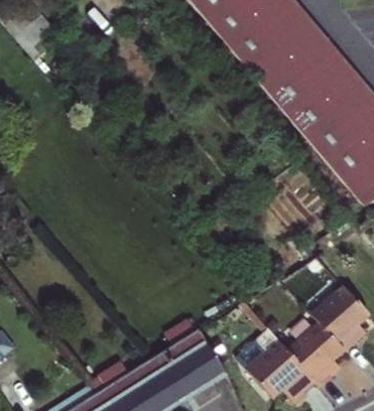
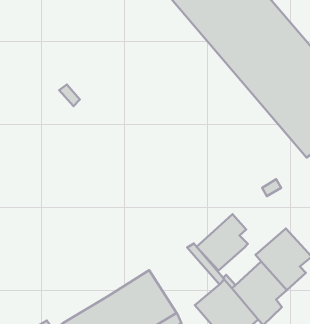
building: none -> [197,214,248,270]

